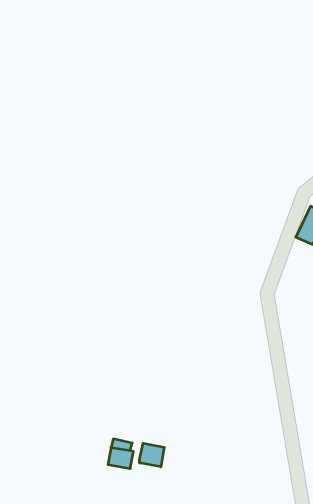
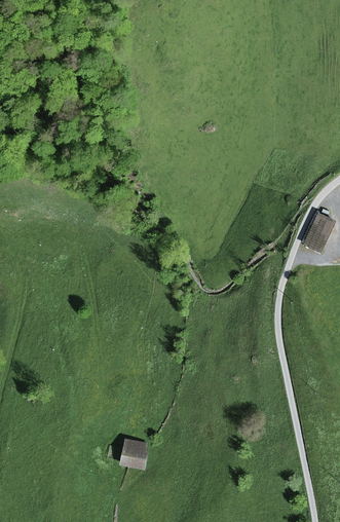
building: [140,443,164,467] -> none

